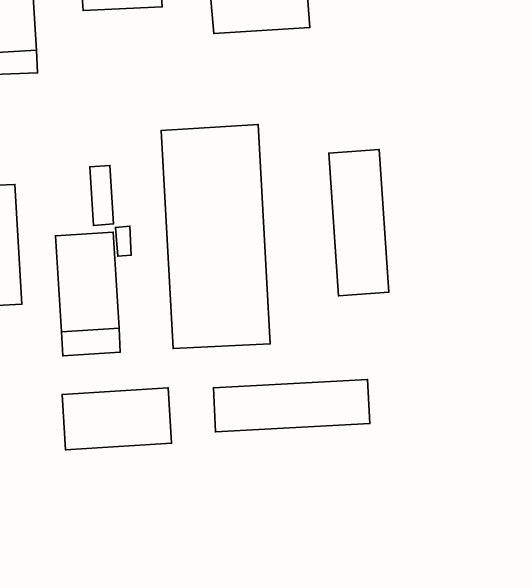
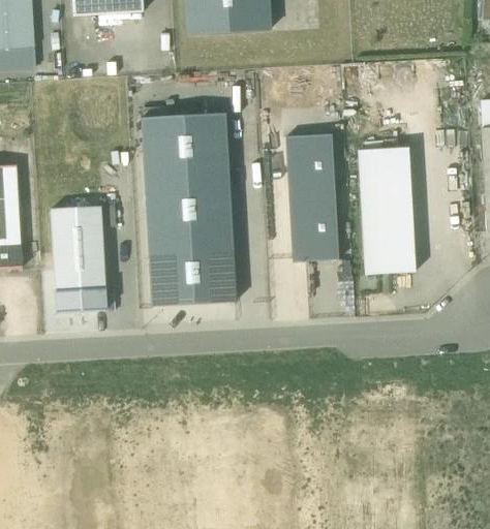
building: none -> [358,147,415,274]
building: [90,165,114,225] -> none
building: [213,379,370,432] -> none
building: [62,388,172,450] -> none

